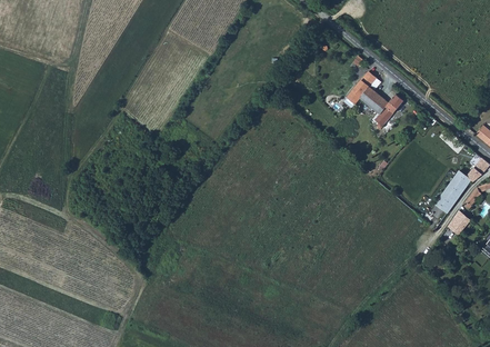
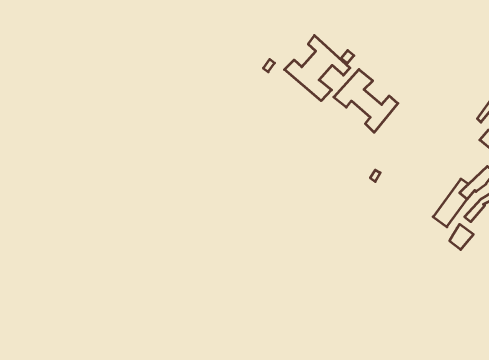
building: none -> [284,35,350,101]

